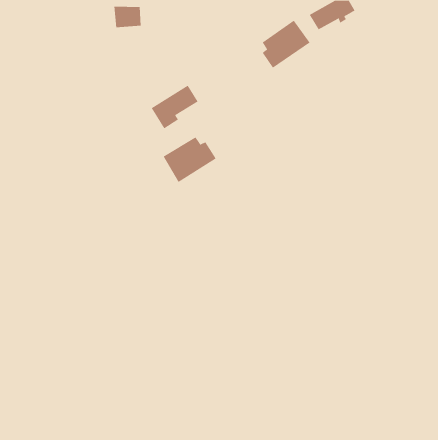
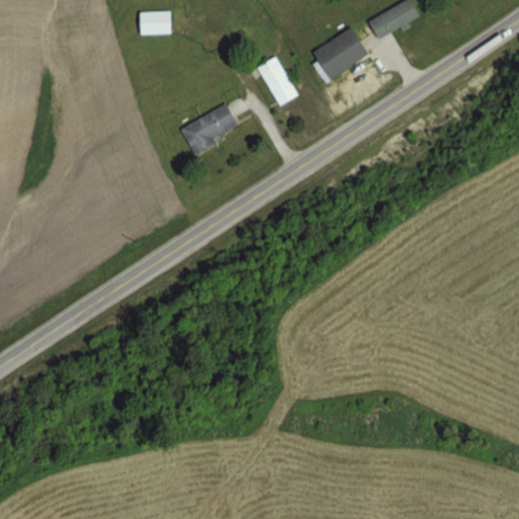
building: none -> [257,56,299,105]
building: [163,136,217,183] -> none

